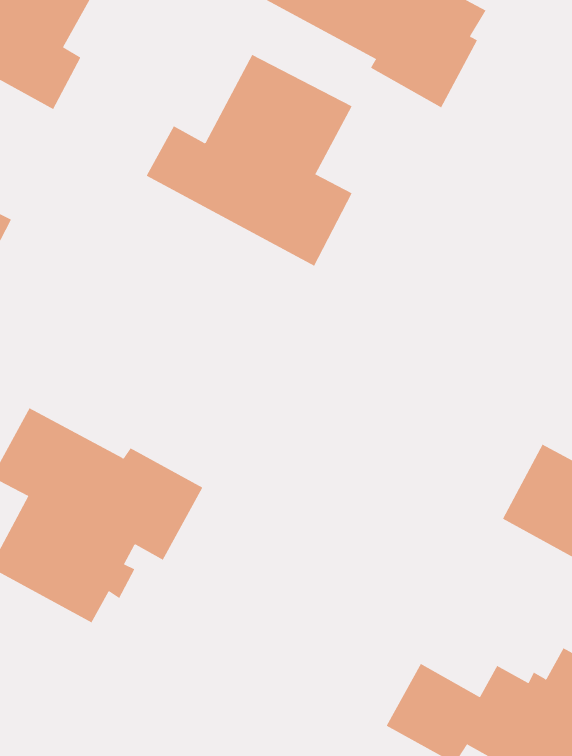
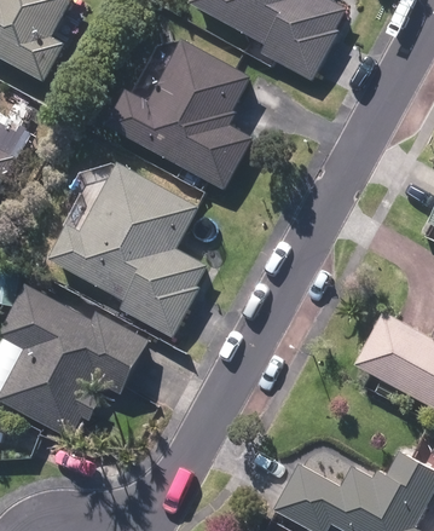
building: none -> [48,166,207,334]

